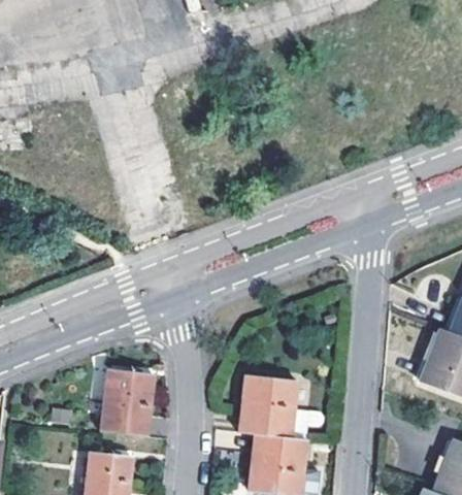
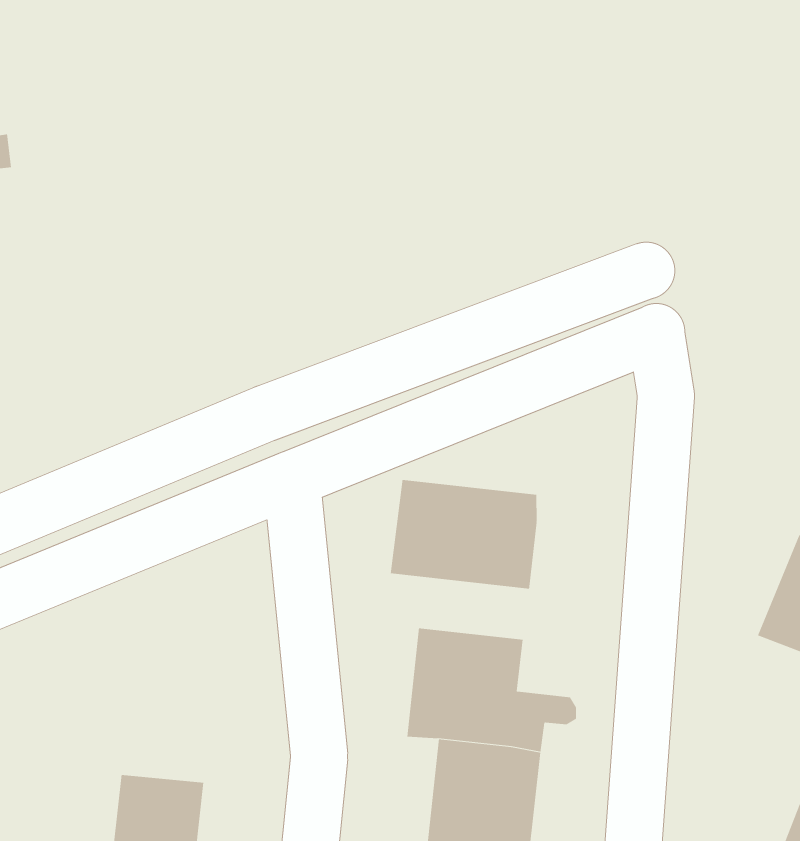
building: none -> [390,479,537,590]
building: [100,368,155,436] -> none

